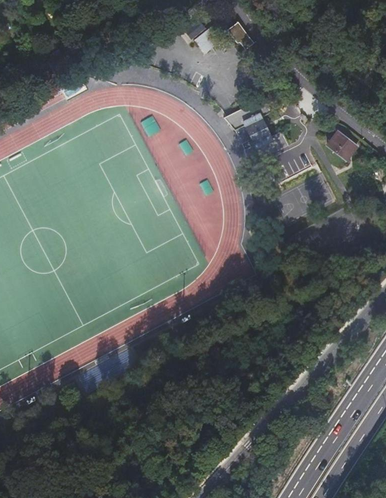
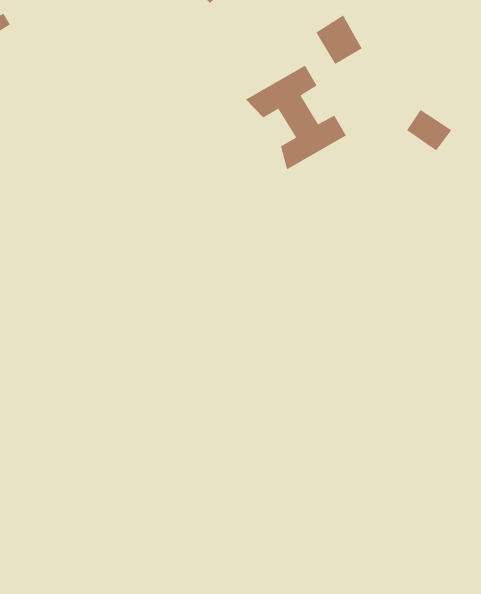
building: none -> [315,15,362,65]

